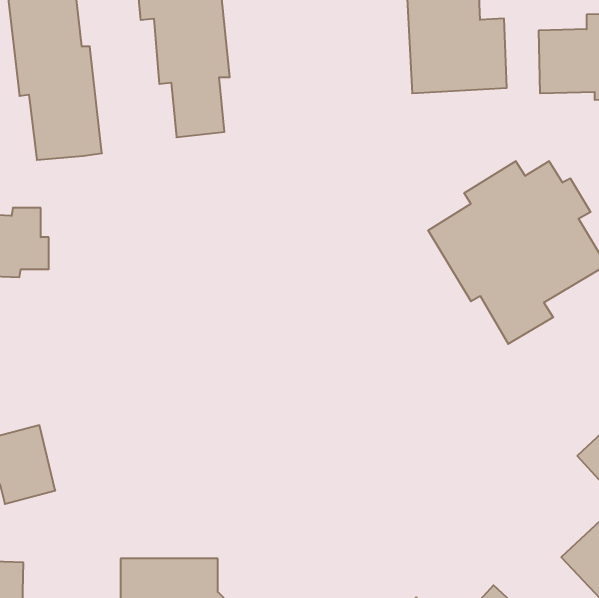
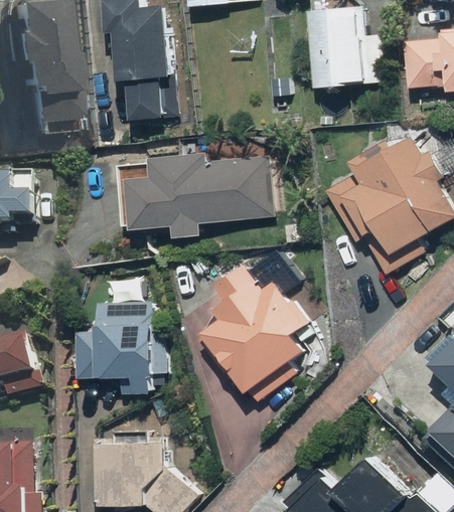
building: none -> [132,152,271,235]
building: none -> [198,261,309,394]
building: none -> [72,301,158,394]

